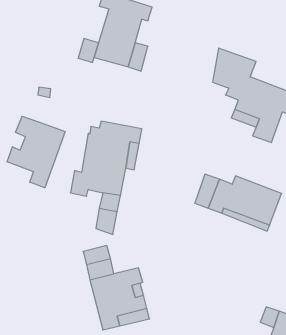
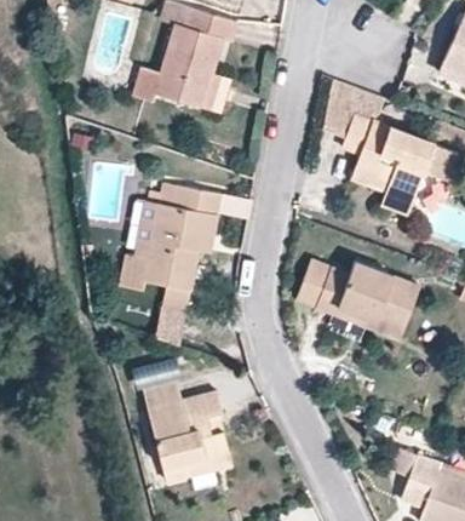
building: [7,116,65,188] -> none

